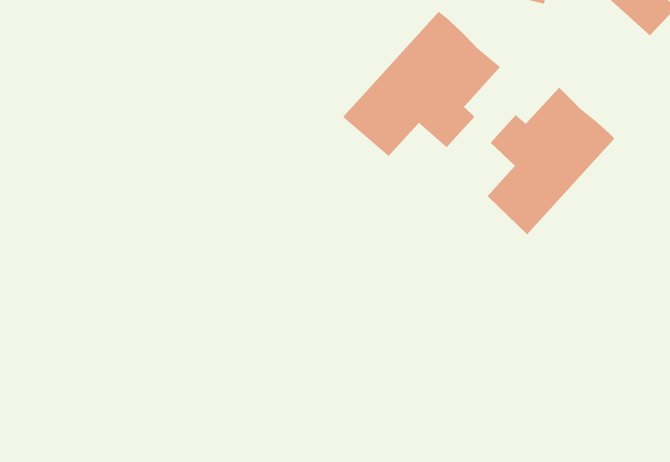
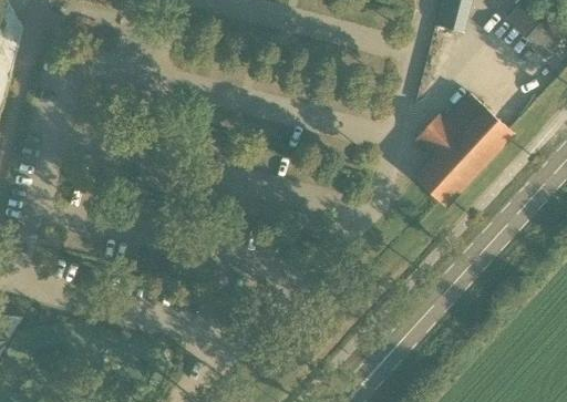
building: [342,11,501,157] -> none

